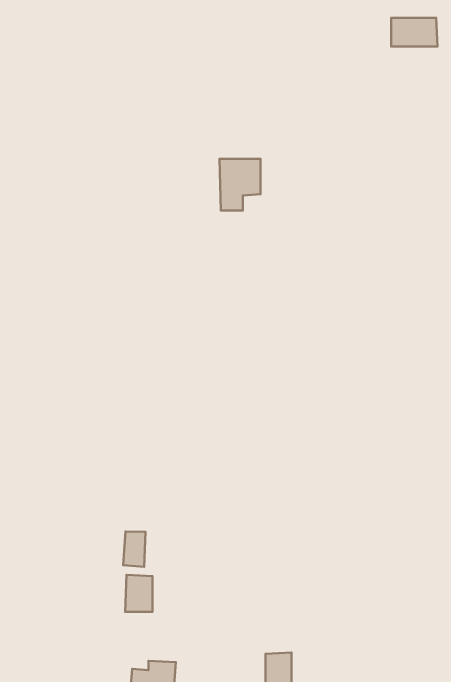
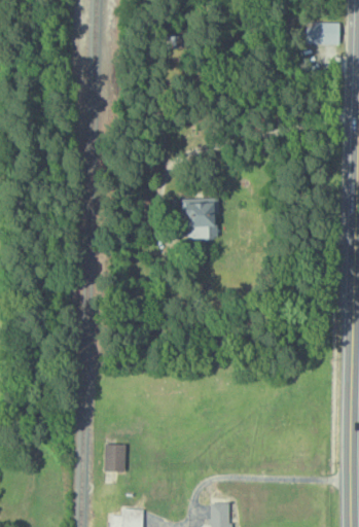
building: [220,159,260,210] -> [184,200,215,239]
building: [123,531,145,567] -> none

